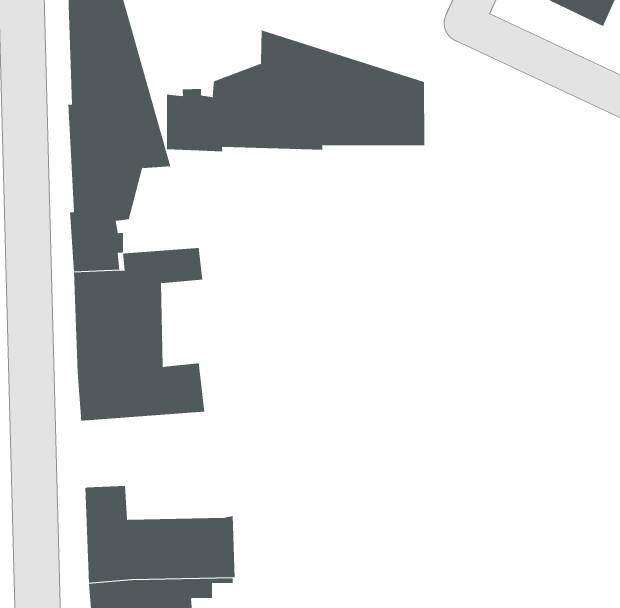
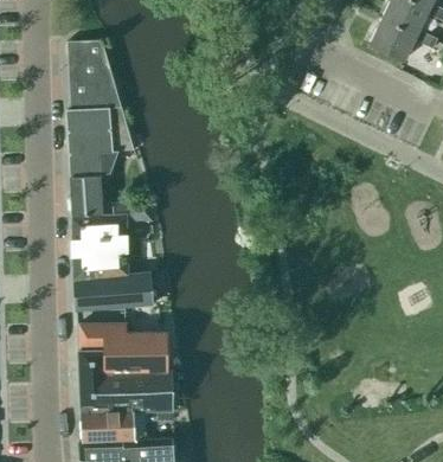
building: [166,30,425,152] -> none
building: none -> [79,323,166,371]

